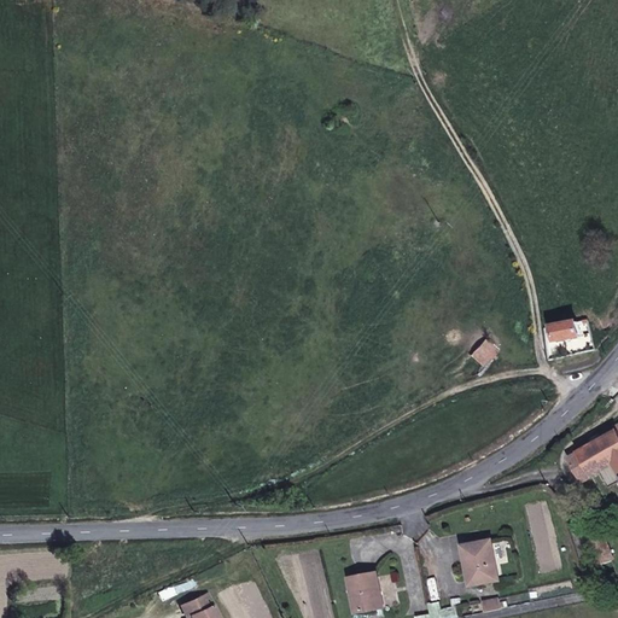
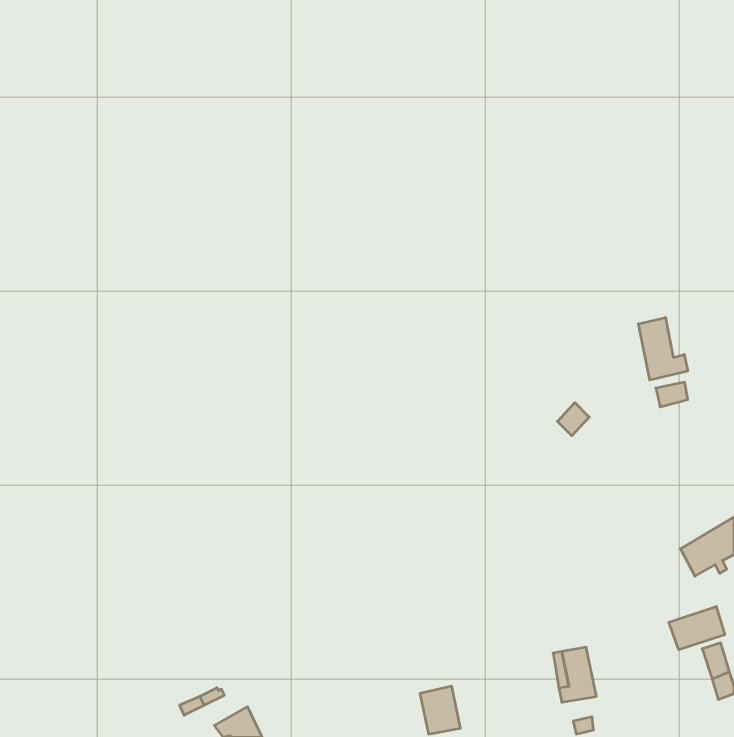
building: none -> [638,317,688,380]
building: none -> [669,606,725,650]

